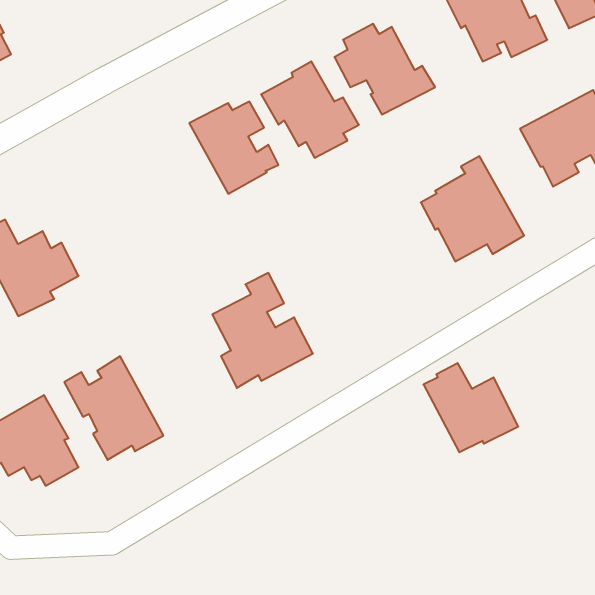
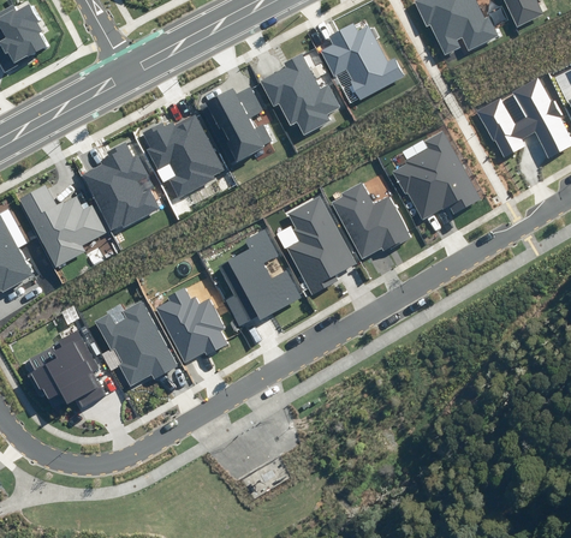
building: none -> [142,114,222,198]
building: none -> [81,143,161,231]
building: none -> [286,197,356,294]
building: none -> [155,288,227,363]
building: [423,363,518,452] -> [331,184,410,258]

